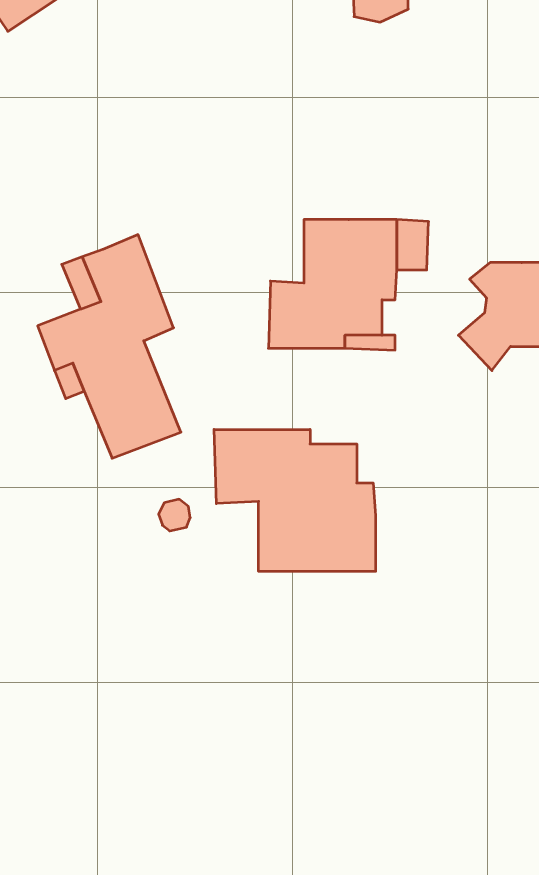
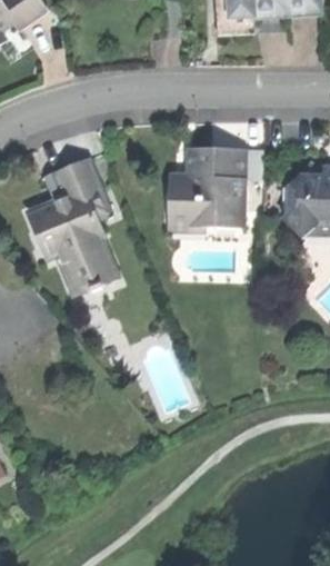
building: [214,429,376,571] -> none

